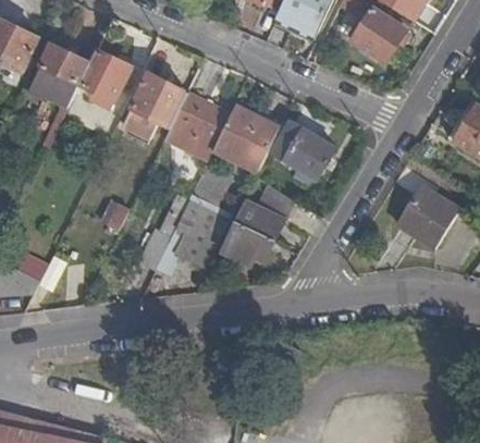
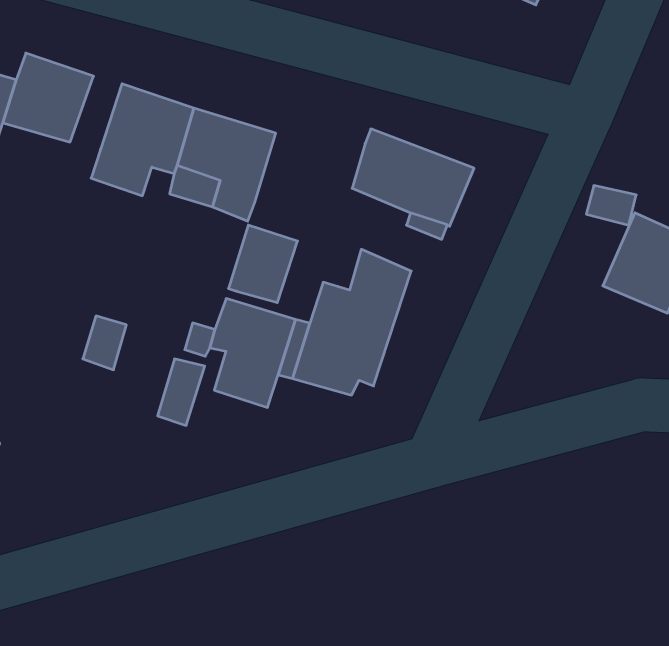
building: [211,104,278,172] -> none

